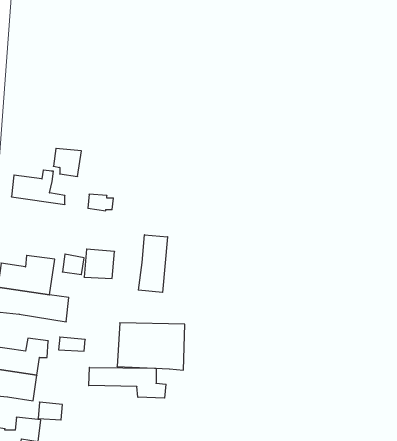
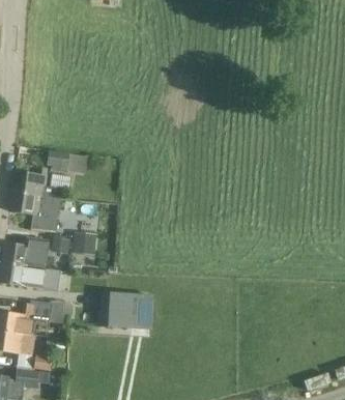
building: none -> [10,190,59,233]
building: [138,235,168,292] -> none
building: [89,367,166,398] -> none

